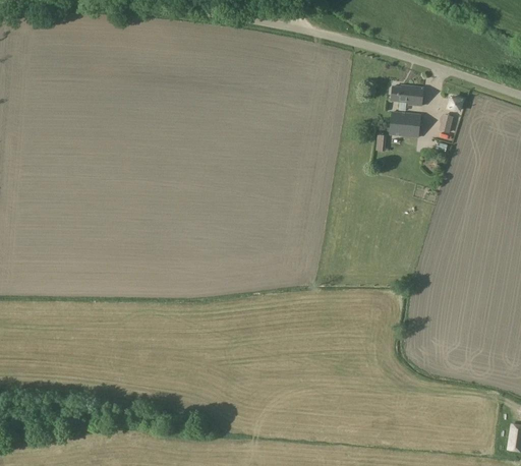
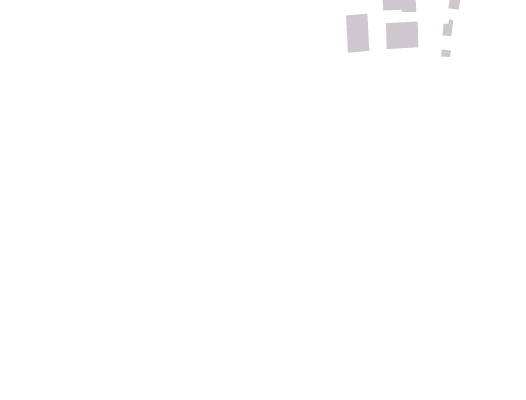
building: none -> [346,13,370,54]

